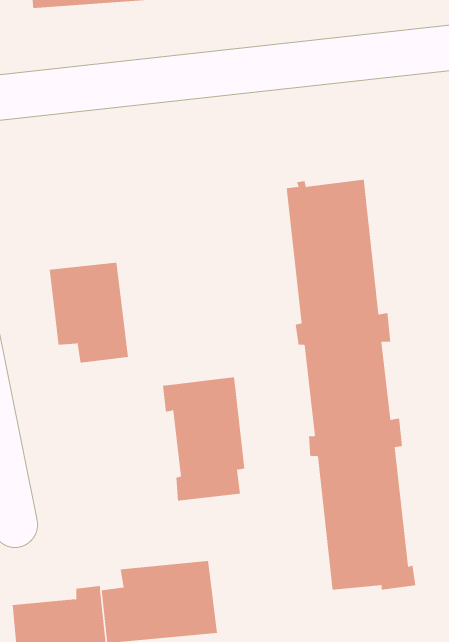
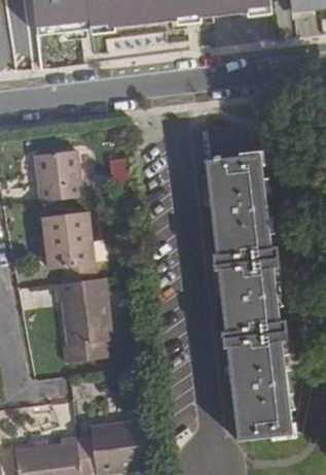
building: none -> [34,149,81,199]
building: [162,377,245,501] -> [53,275,111,362]

